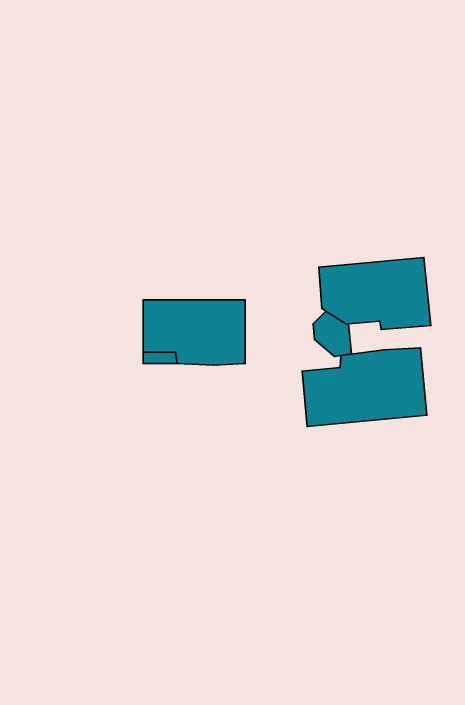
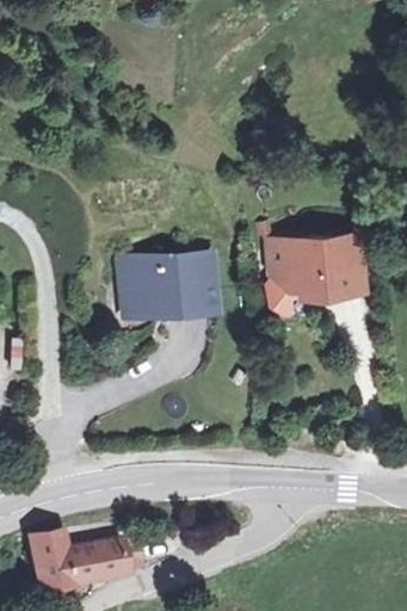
building: [302,348,427,427] -> none
building: none -> [27,527,141,591]

